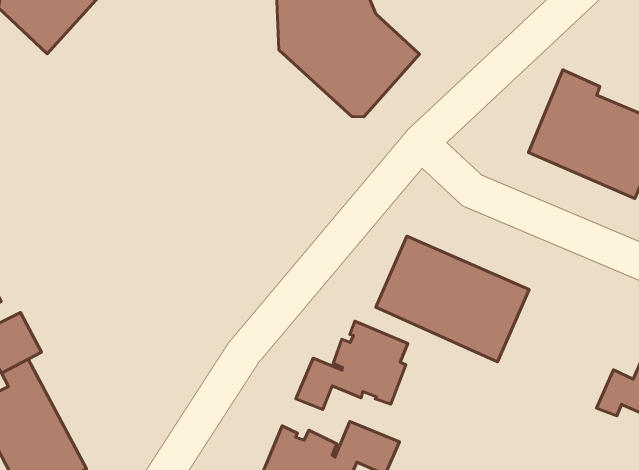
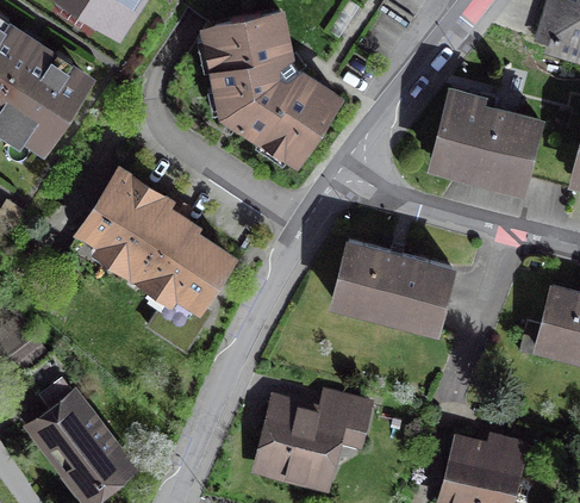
building: none -> [82,170,230,352]
building: [296,321,408,409] -> none

